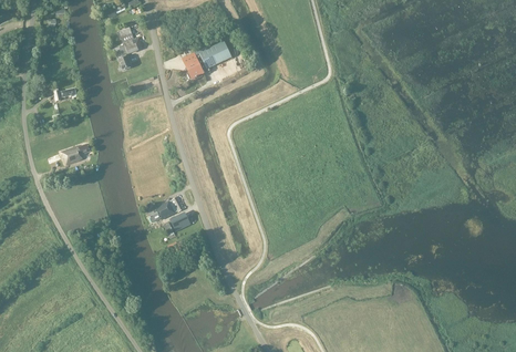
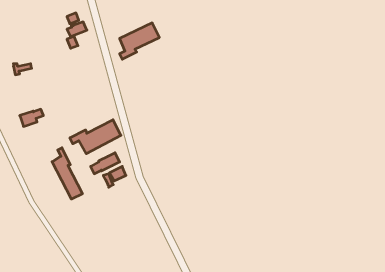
building: none -> [70,120,121,154]
building: none -> [52,148,82,199]

